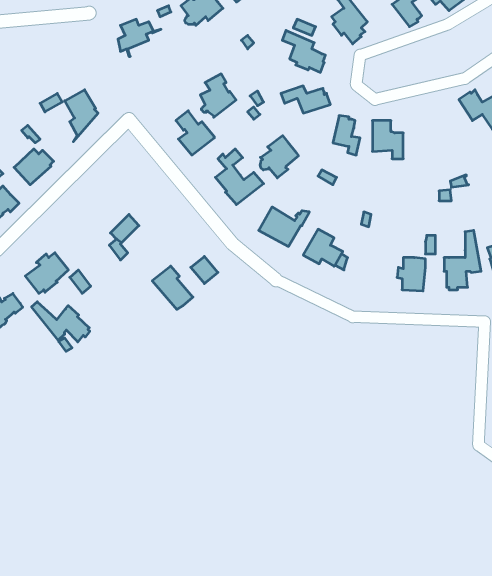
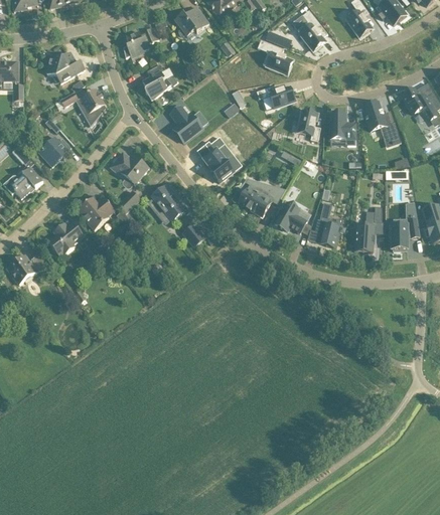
building: none -> [46,52,85,82]
building: [200,74,236,117] -> [142,62,171,98]
building: none -> [362,102,401,145]
building: [260,136,298,178] -> none
building: none -> [110,151,148,183]
building: none -> [78,195,114,229]
building: none -> [314,201,339,246]
building: [152,266,193,309] -> [151,184,184,219]
building: [32,302,90,342] -> none

